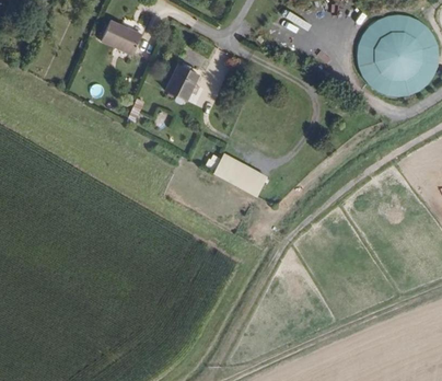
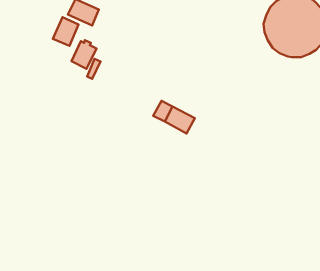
building: none -> [53,17,79,46]
building: [165,62,198,100] -> [72,40,97,69]

